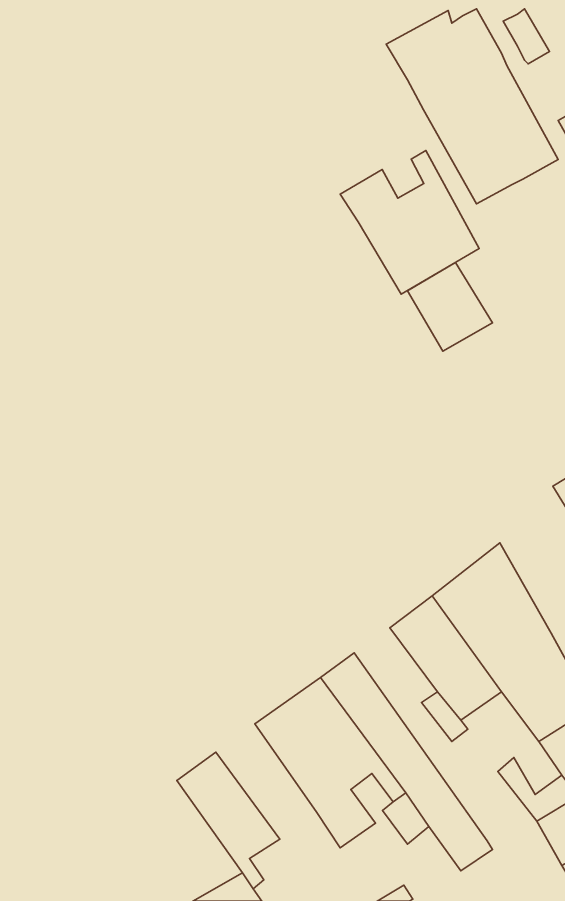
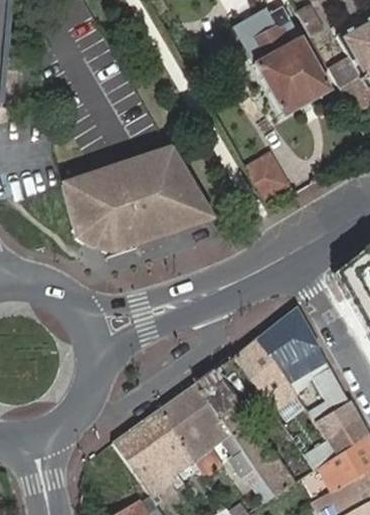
building: [340,150,479,294] -> none
building: none -> [64,148,215,251]
building: none -> [136,410,193,487]

